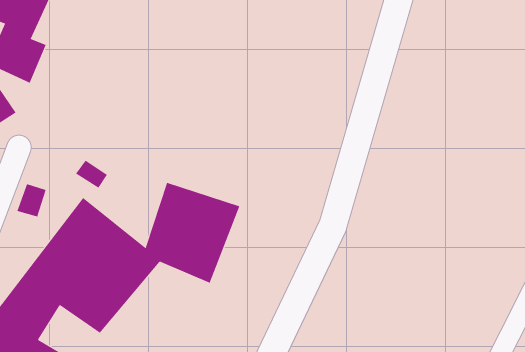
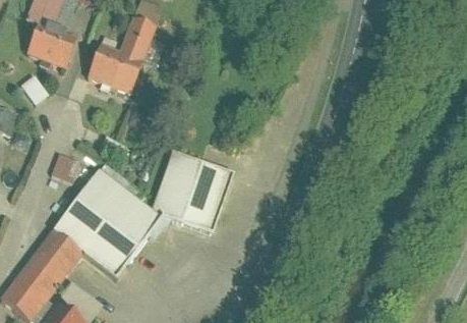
building: none -> [81,14,157,96]

